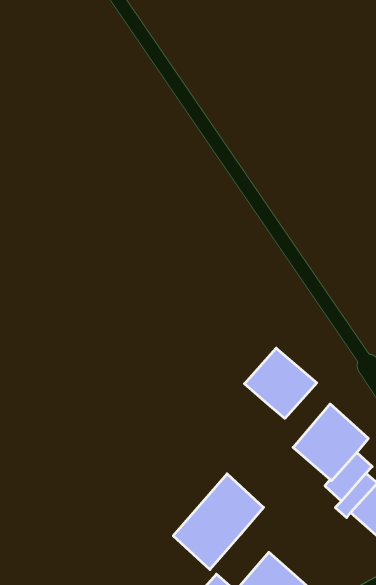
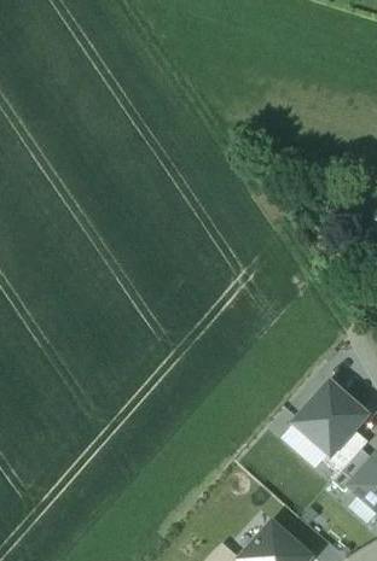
building: [244,348,317,418] -> none
building: [173,474,264,570] -> none

